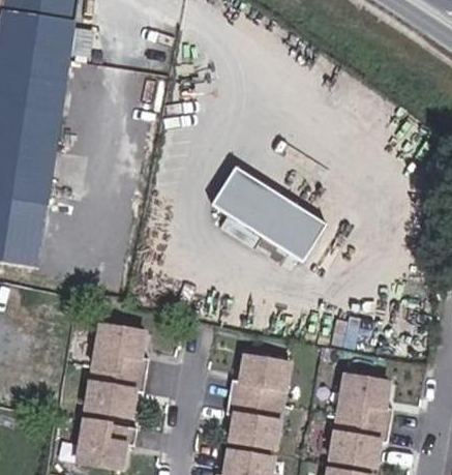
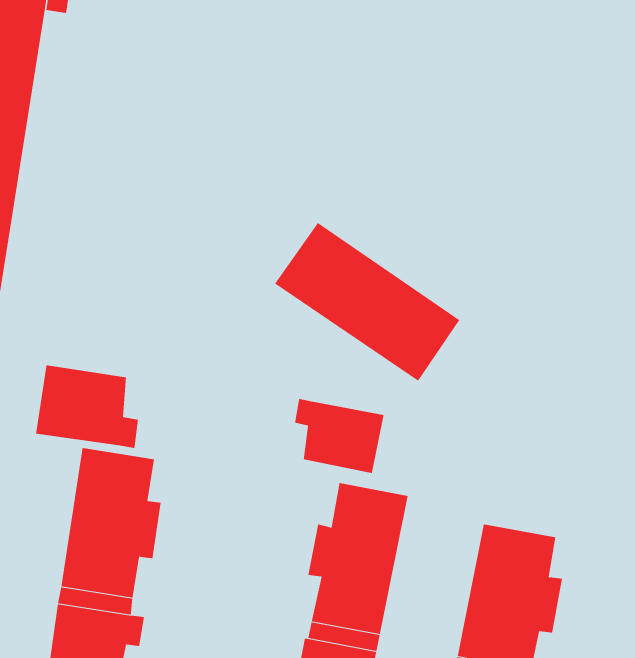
building: none -> [35,364,138,449]
building: none -> [295,398,384,474]

